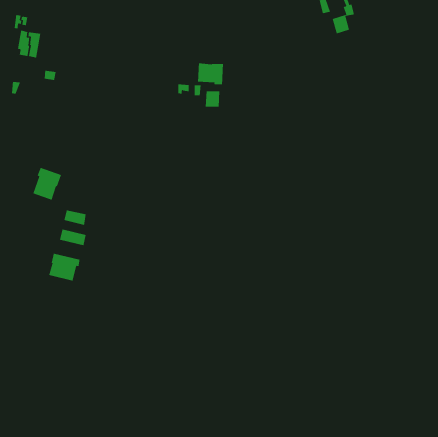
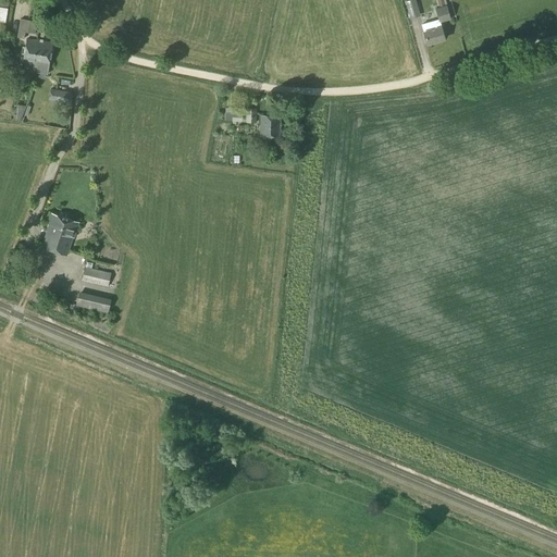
building: [197,63,224,85] -> none
building: [48,253,80,282] -> none

